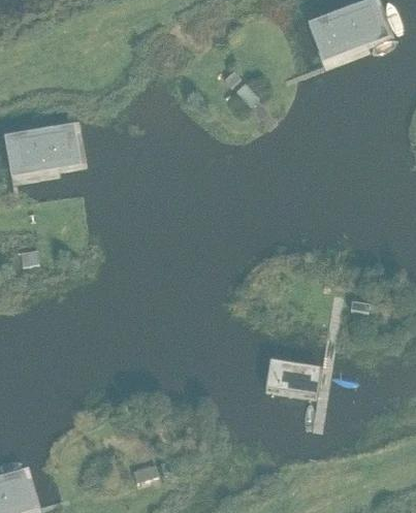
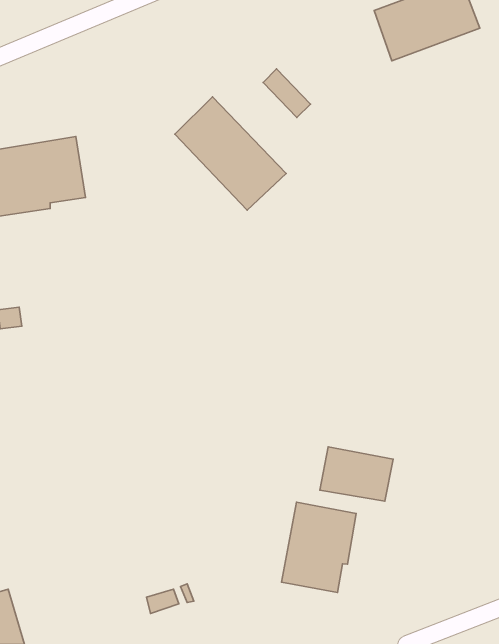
building: none -> [175,97,286,210]
building: none -> [281,502,356,592]

